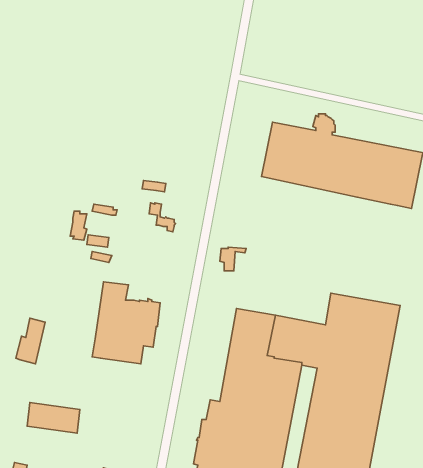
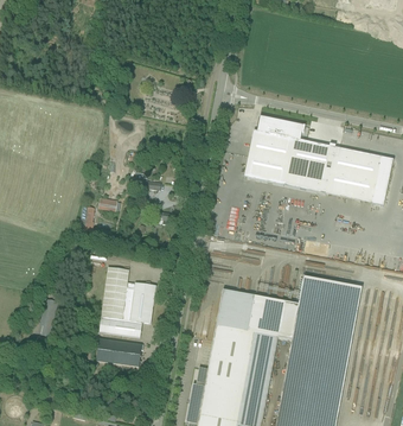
building: [27,403,80,433] -> [97,338,142,364]

